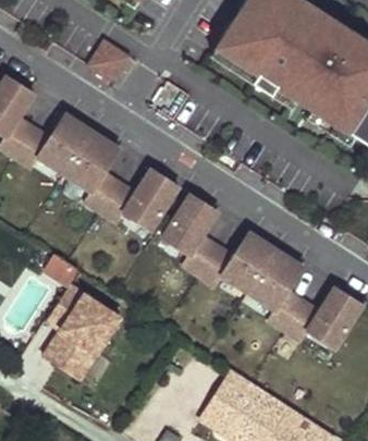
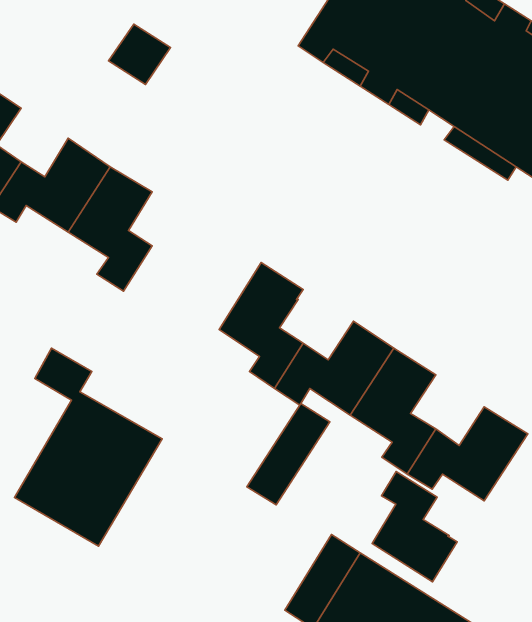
building: [99,169,177,230] -> none
building: none -> [247,404,330,505]
building: none -> [372,471,457,582]

